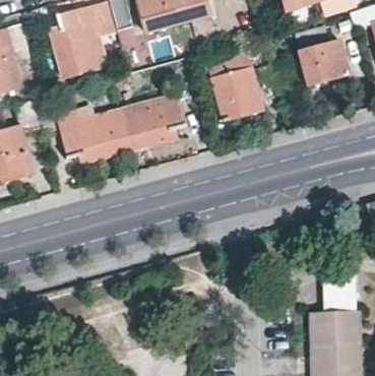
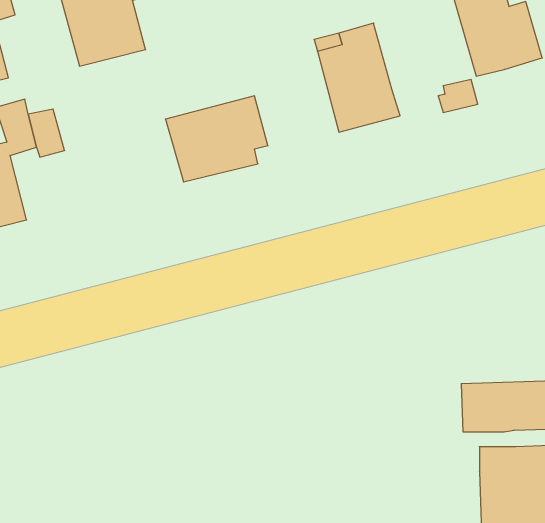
building: [58,107,128,162] -> none

